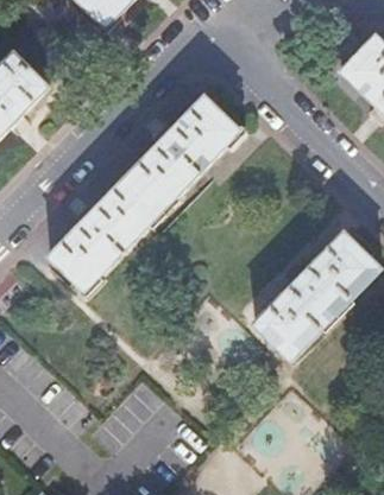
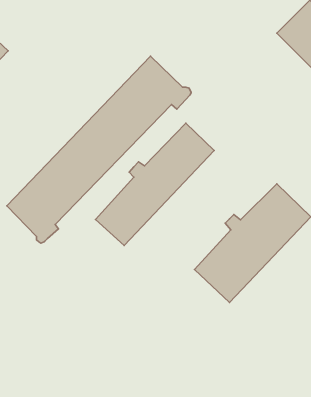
building: none -> [96,123,214,246]

